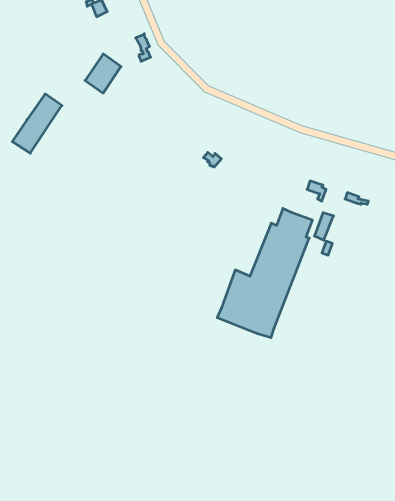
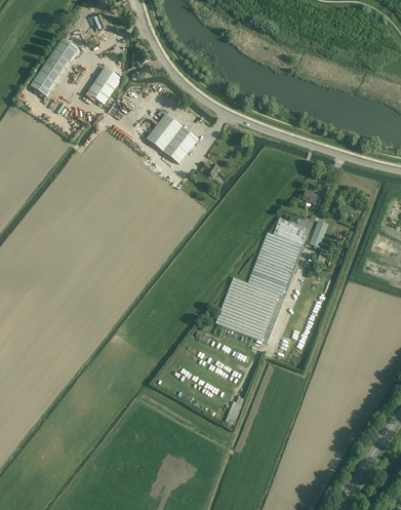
building: [12,94,62,153] -> [30,39,78,96]
building: none -> [146,113,197,157]

